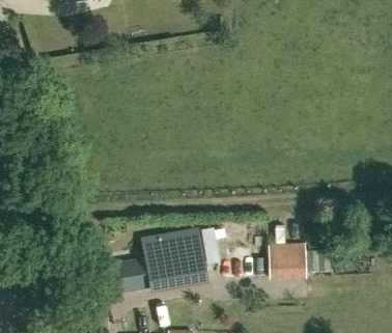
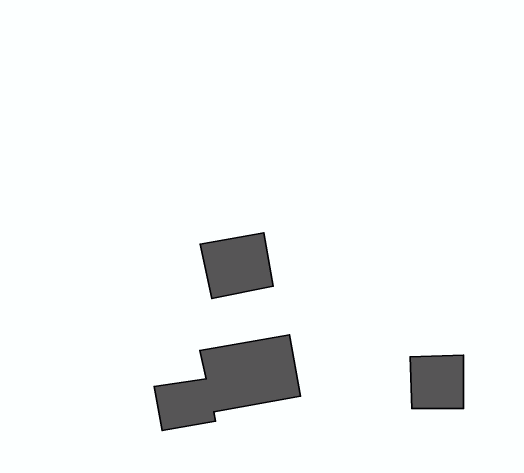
building: none -> [200,233,273,299]

